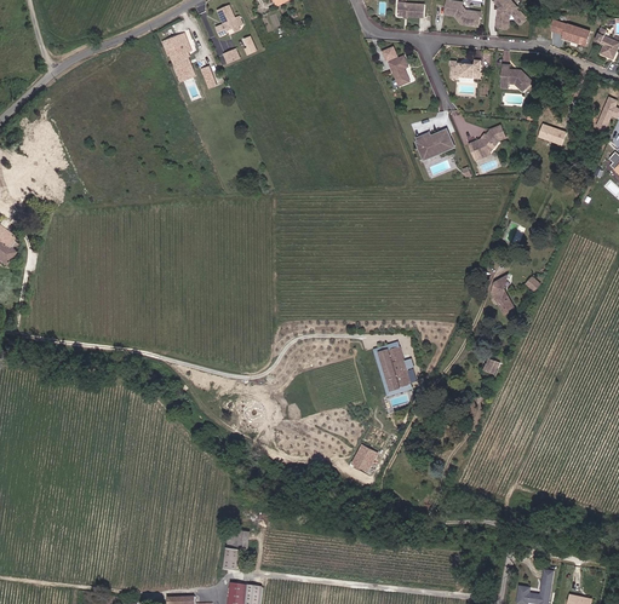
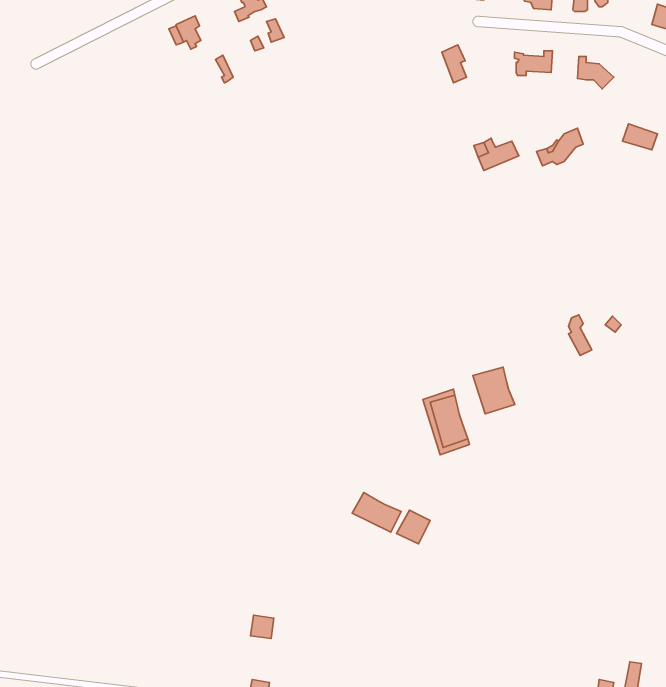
building: none -> [473,367,515,414]
building: none -> [352,493,401,532]

